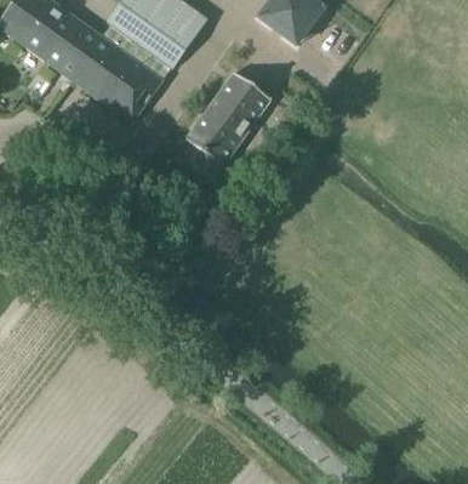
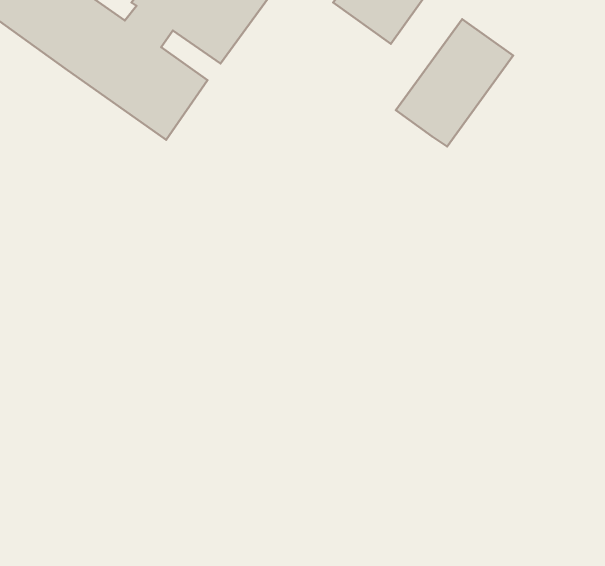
building: [184,72,270,165] -> [396,19,513,146]

